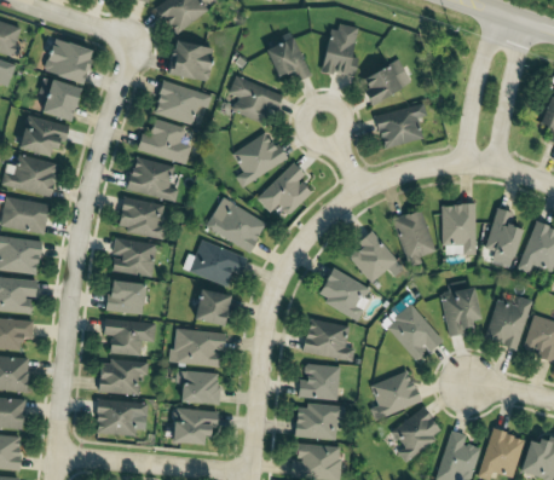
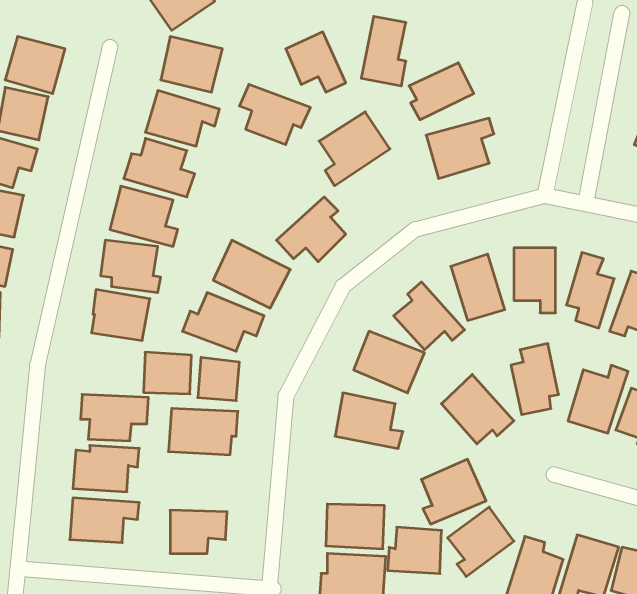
building: [231,131,287,189] -> [319,112,390,186]
building: [106,281,144,313] -> [144,352,191,394]
building: [298,364,340,400] -> [388,527,442,574]
building: [177,371,220,405] -> none

